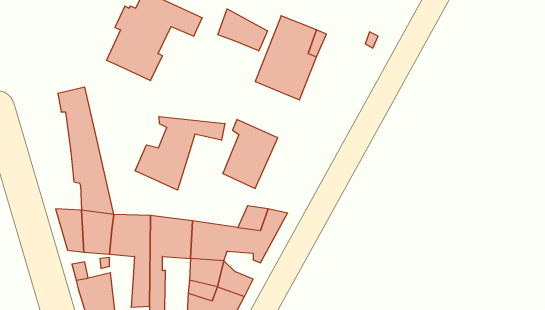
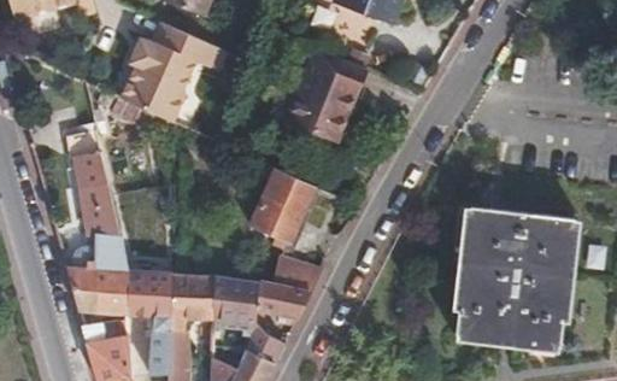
building: [218,9,267,51] -> none
building: [135,116,225,190] -> none
building: none -> [448,206,569,350]

